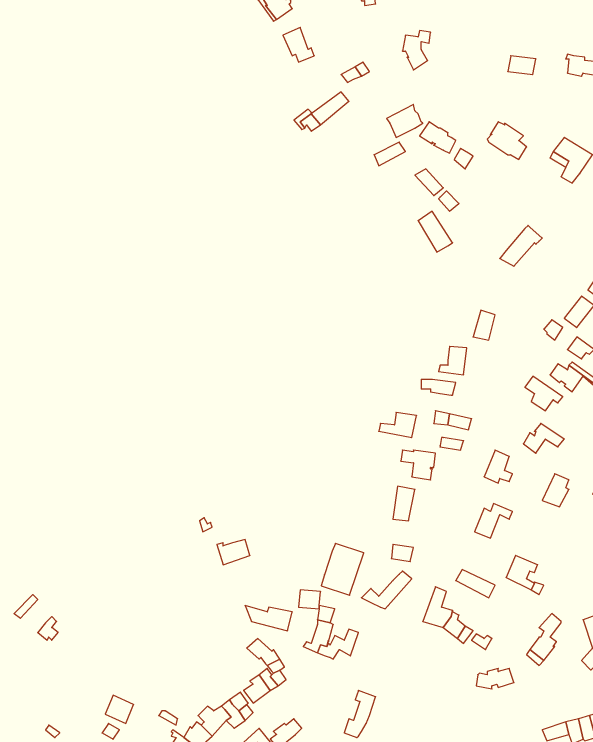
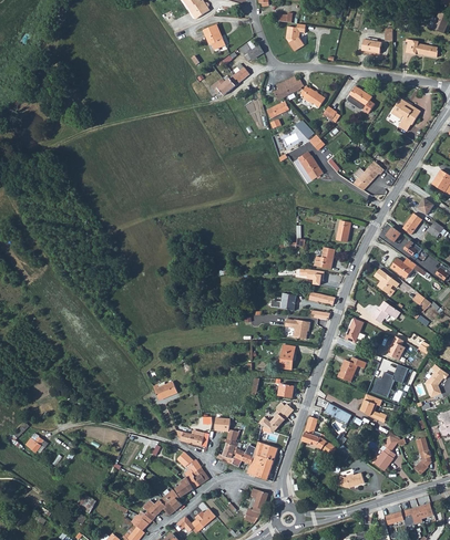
building: none -> [368,363,405,395]
building: [321,543,364,595] -> [247,443,277,479]

